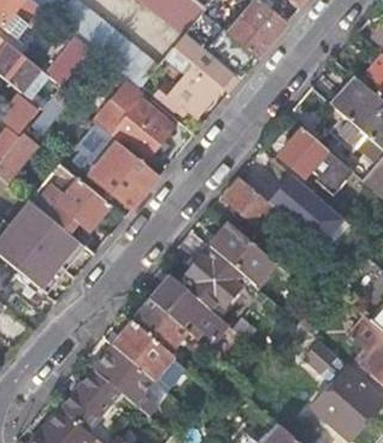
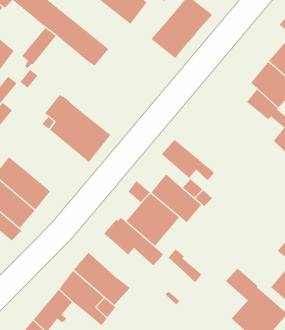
building: [155,34,235,117] -> none
building: [94,79,176,161] -> none
building: [277,128,353,195] -> none
building: [34,163,111,234] -> none
building: [269,182,344,247] -> none
building: [131,299,182,354] -> none

